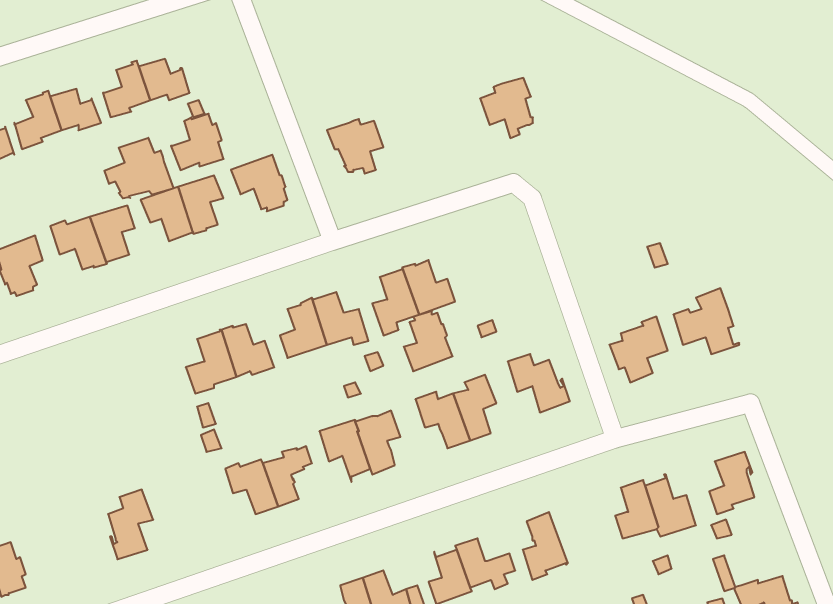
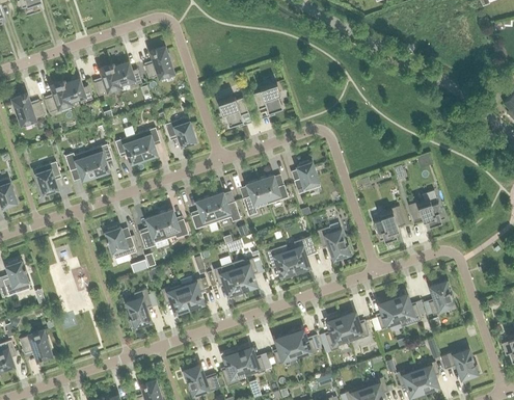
building: [480,78,533,138] -> [252,82,281,115]
building: [171,114,224,170] -> [143,47,172,78]
building: [104,138,173,198] -> none
building: [404,311,453,371] -> [293,160,320,193]
building: none -> [105,225,136,259]
building: [108,490,153,559] -> [127,288,152,326]
building: none -> [341,310,369,341]

